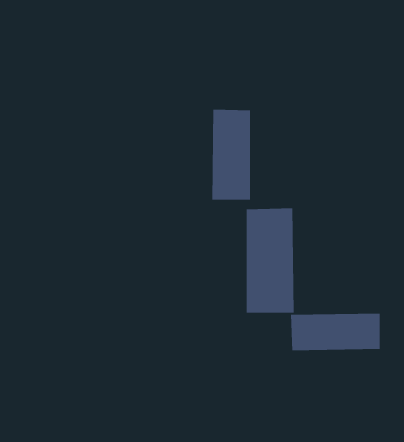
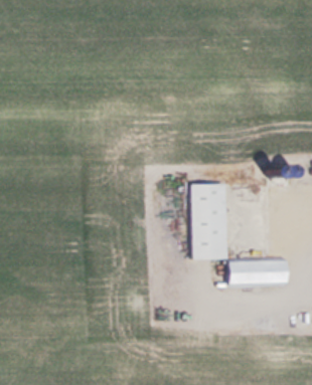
building: [212,109,251,200] -> none

